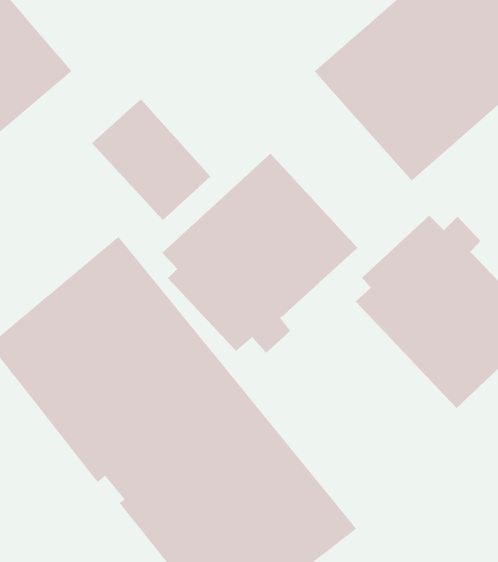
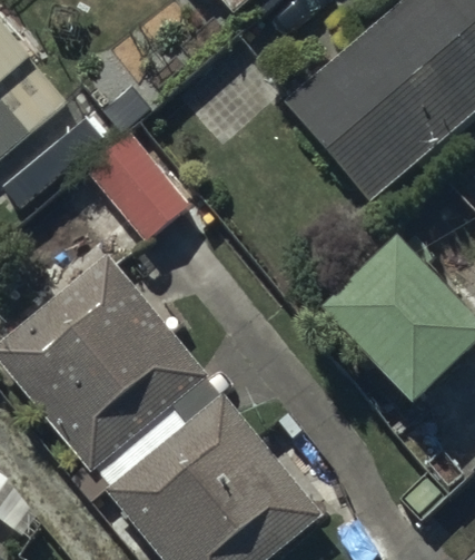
building: [162,153,358,354] -> none

